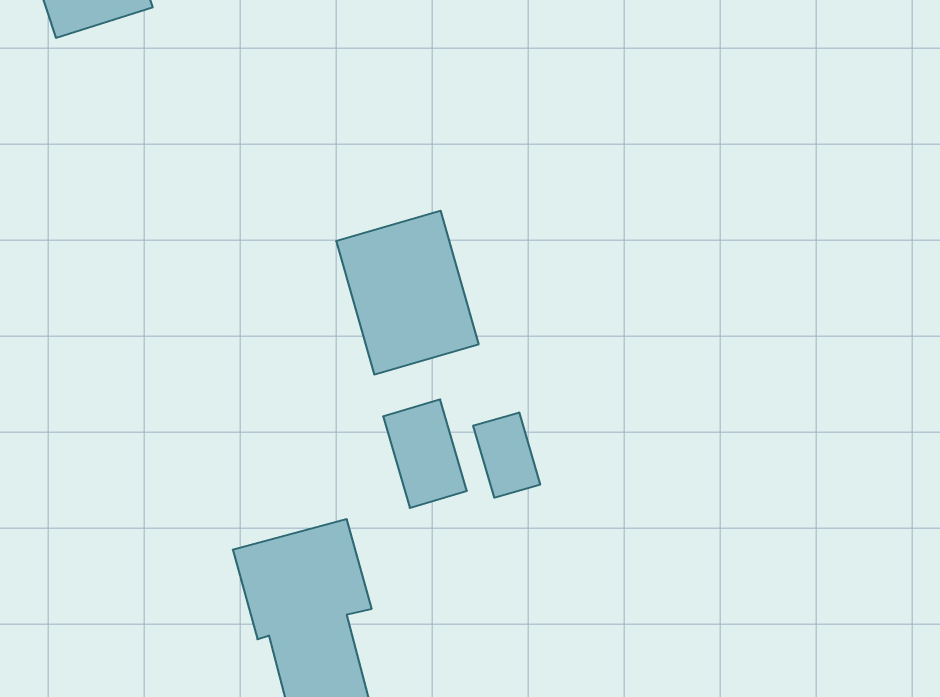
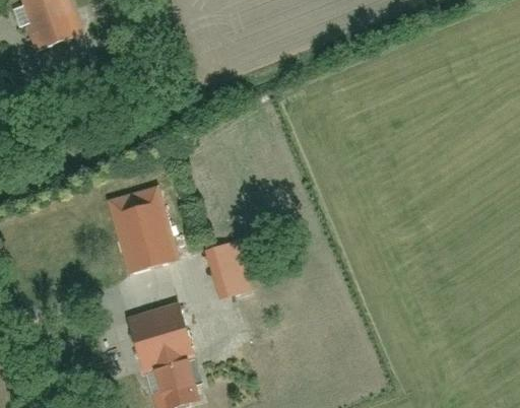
building: [336,211,479,374] -> [106,186,182,273]
building: [473,412,540,498] -> none

